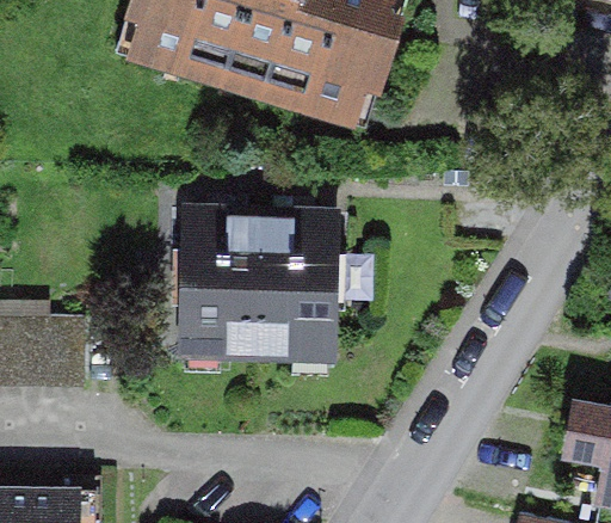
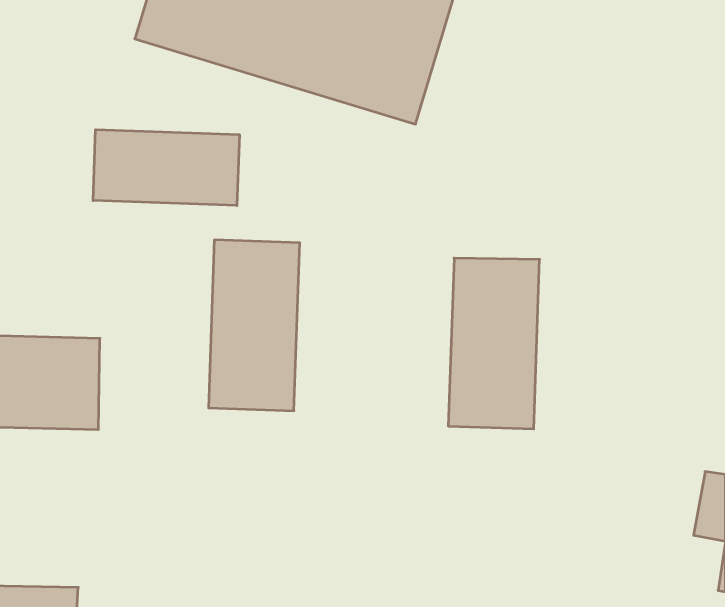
building: none -> [93,130,239,206]
building: [254,220,329,361] -> [448,258,540,429]

